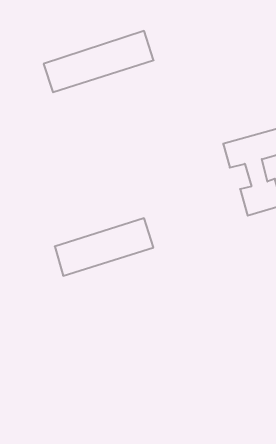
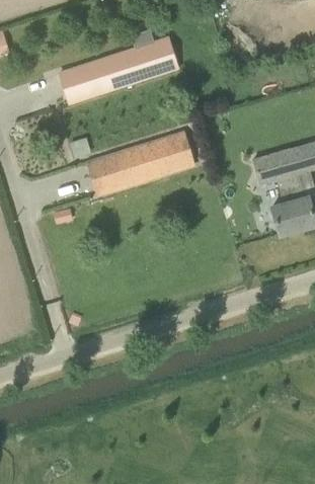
building: [55,218,153,276] -> [88,132,194,193]

